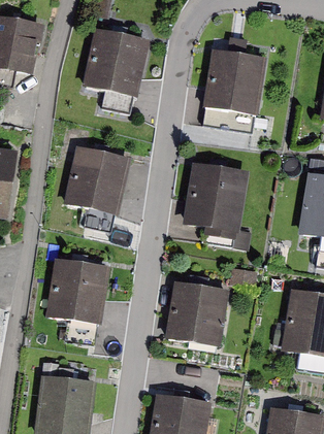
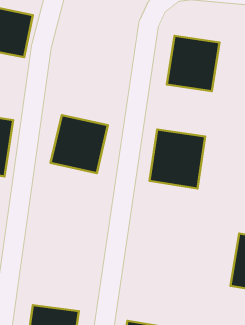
building: [82,27,151,98] -> none
building: [41,259,103,323] -> none
building: [165,280,229,347] -> none

